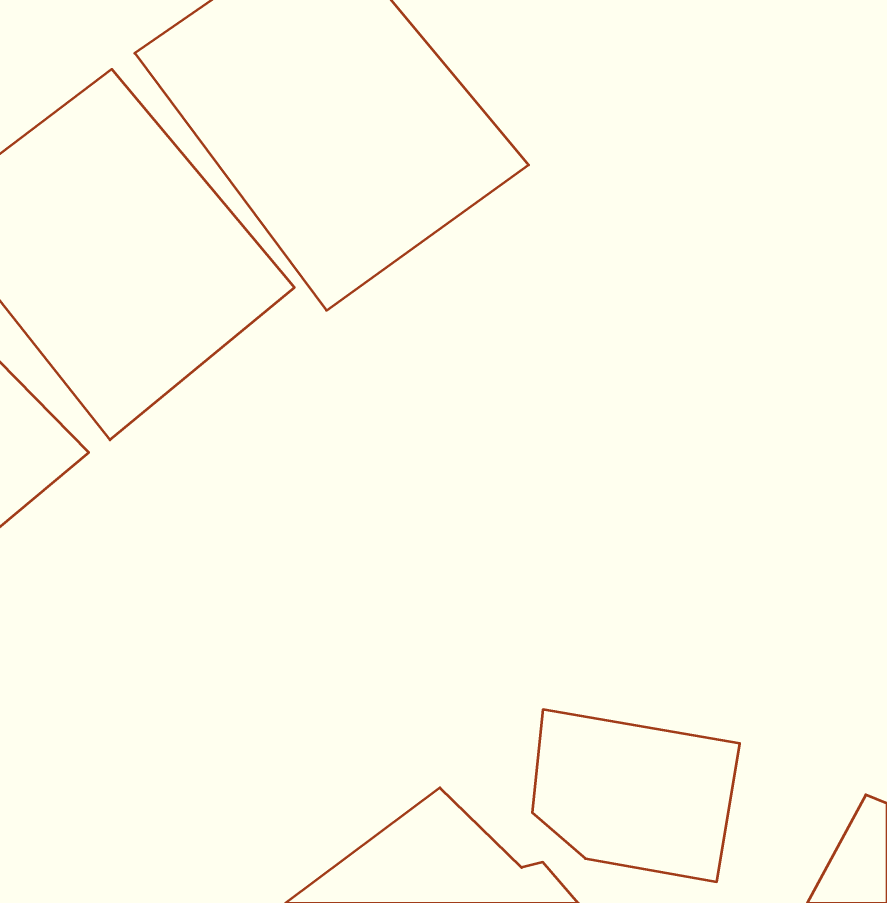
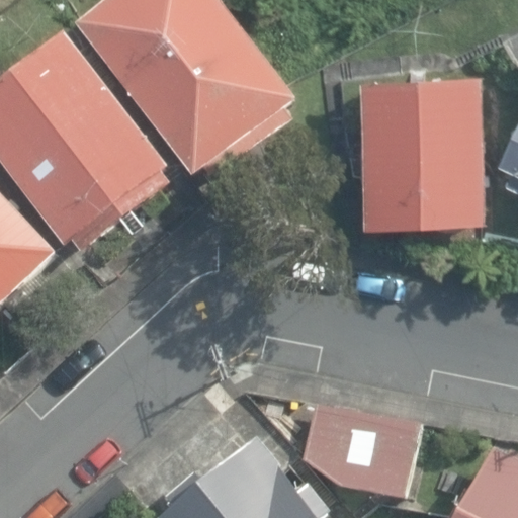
building: none -> [359,75,486,230]

